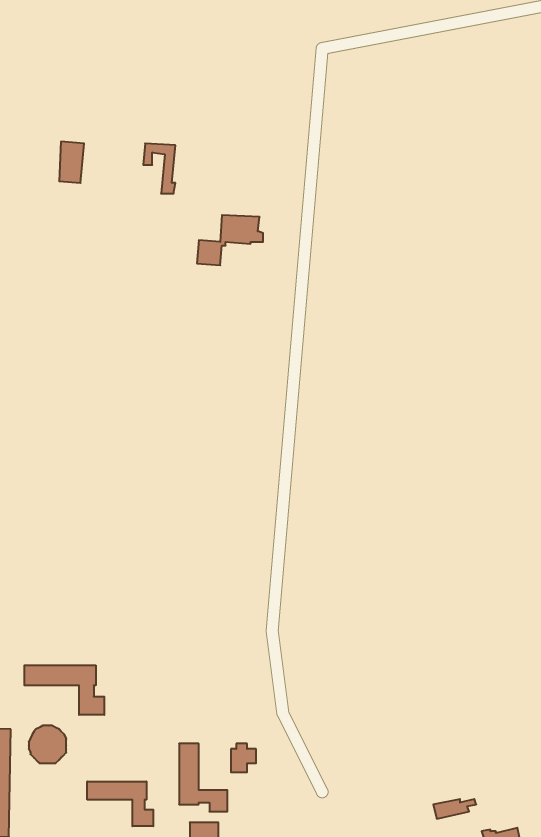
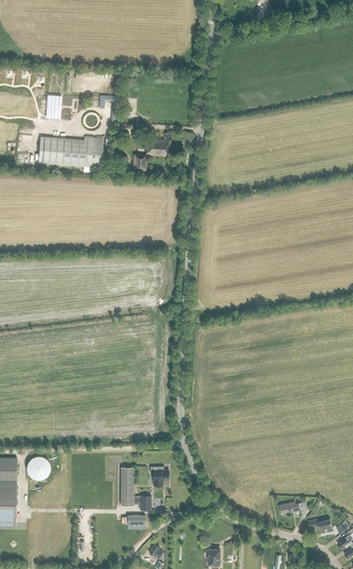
building: none -> [38,136,102,172]
building: [24,665,104,715] -> none
building: [87,781,153,826] -> none

